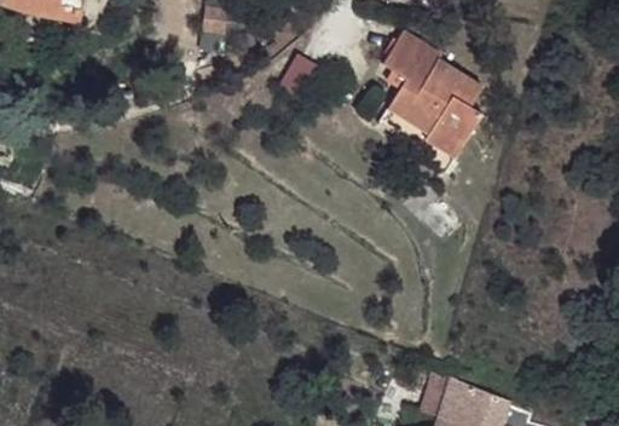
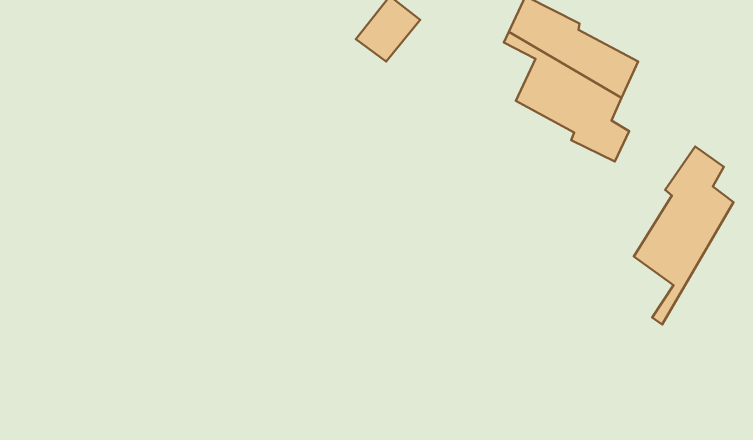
building: none -> [634,146,734,325]

